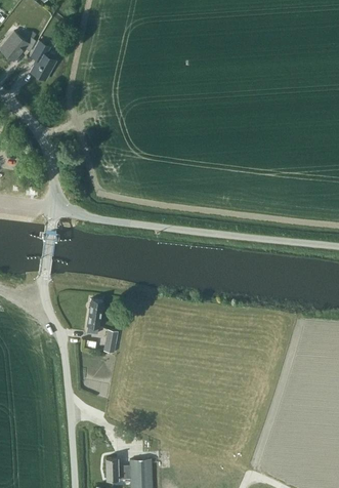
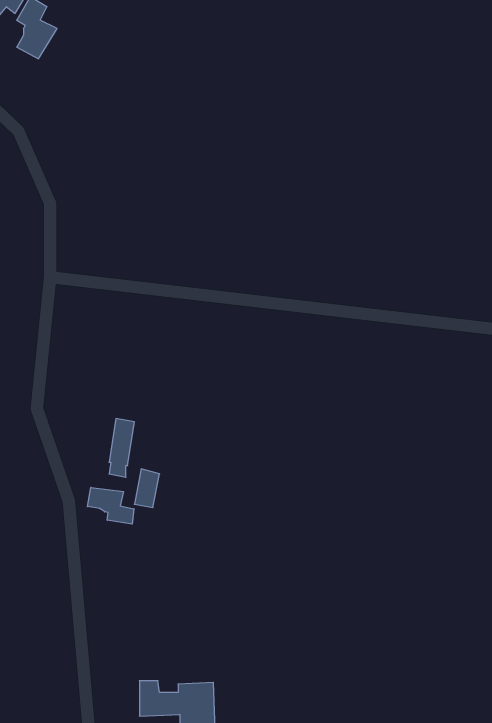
building: none -> [87,487,134,524]

